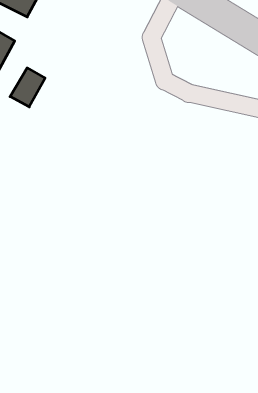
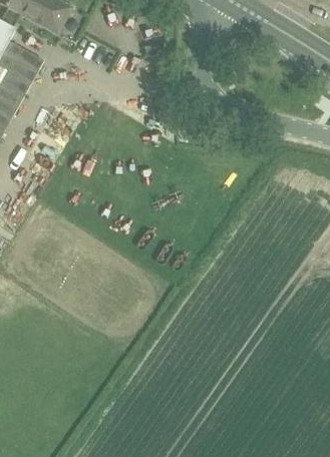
building: [10,68,45,107] -> none

